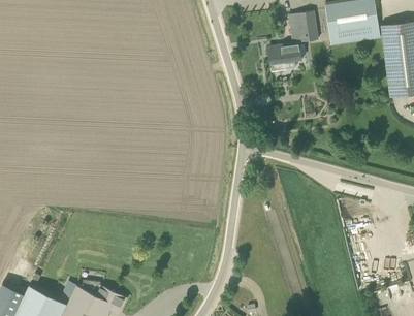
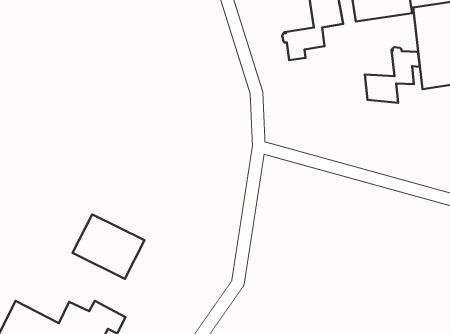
building: none -> [365,47,420,103]
building: none -> [73,214,145,279]

